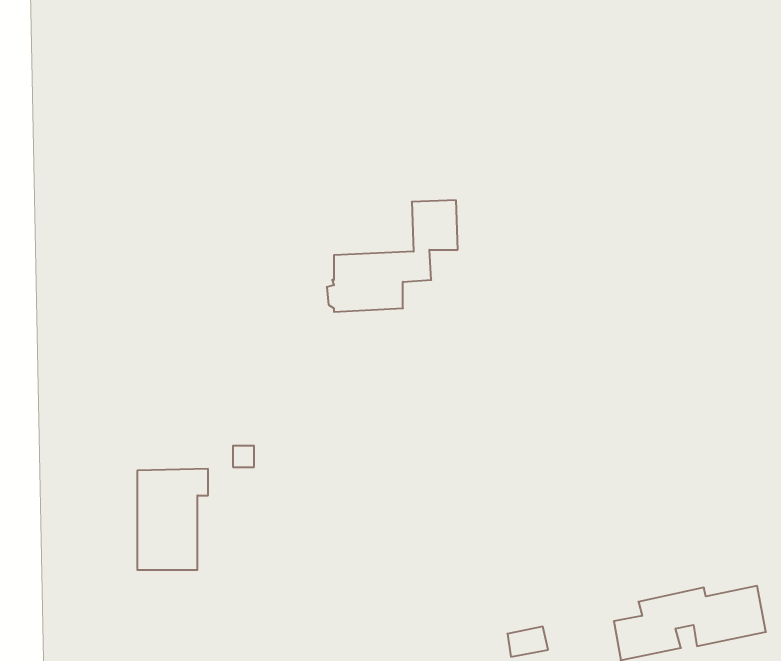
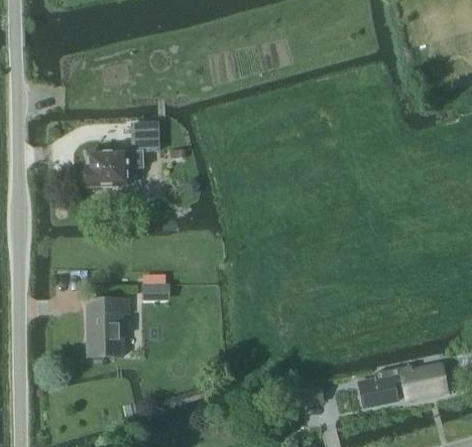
building: [327,200,458,312] -> [84,121,158,184]

